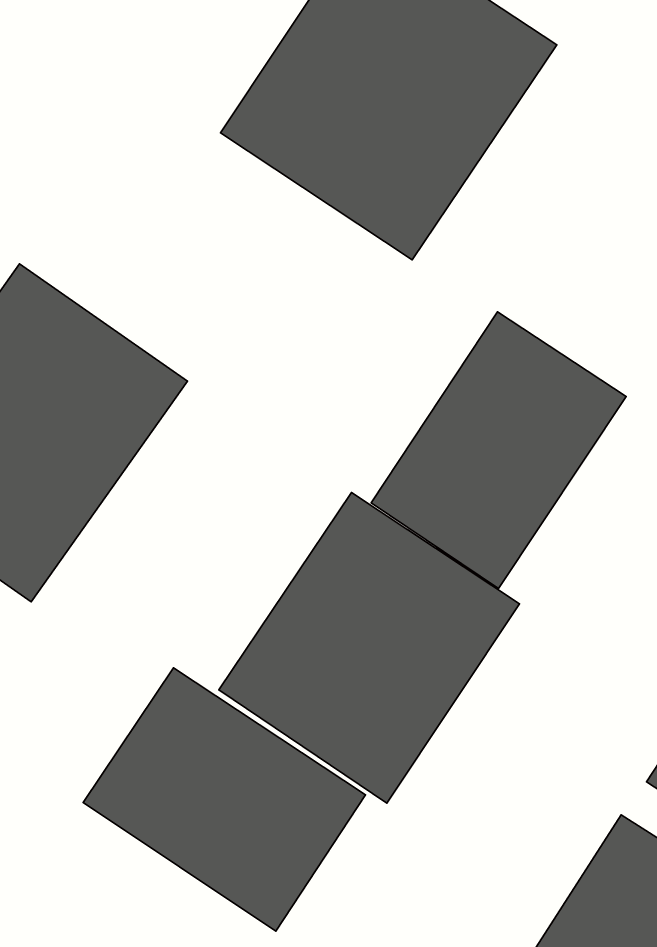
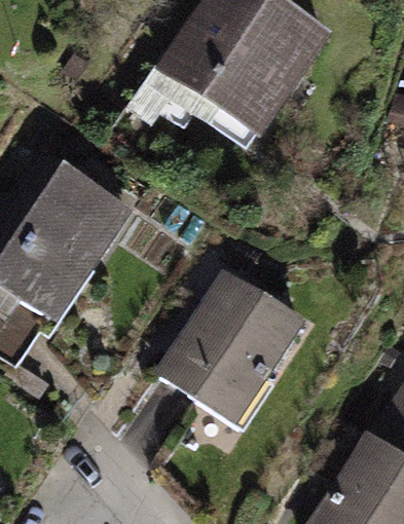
building: [371,312,626,588] -> none
building: [83,668,365,931] -> none

